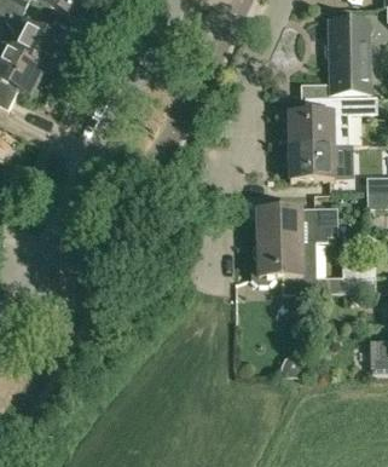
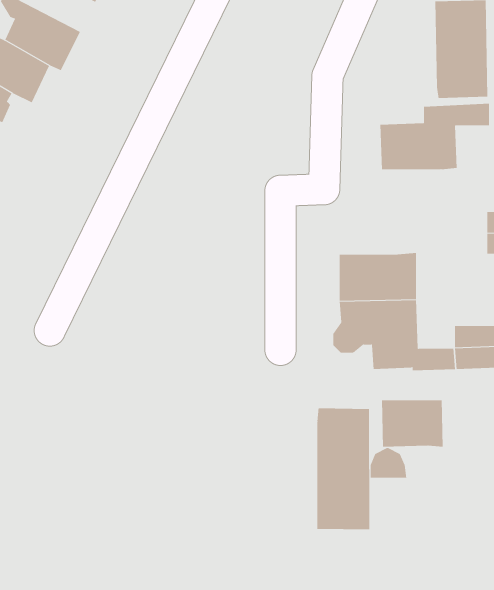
building: [289,145,334,178] -> none
building: none -> [382,400,443,447]
building: none -> [317,408,370,530]

